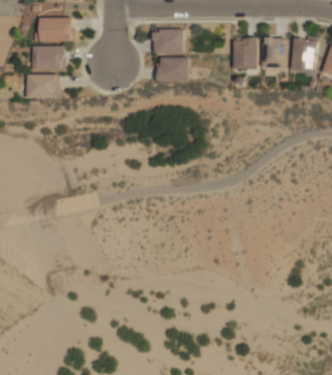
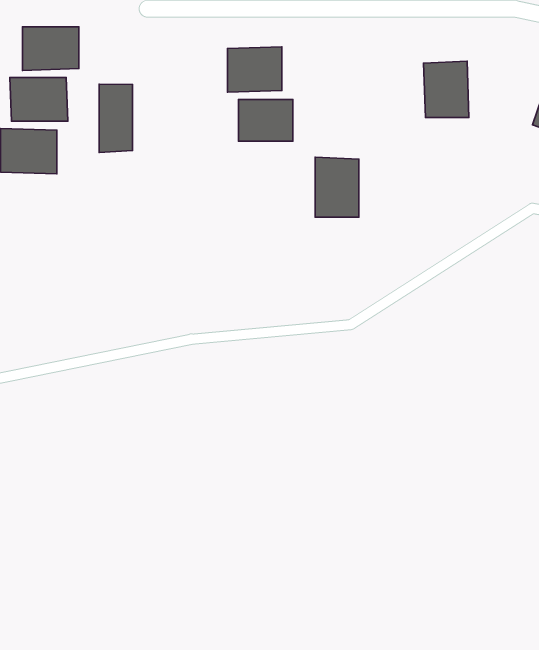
building: [234,36,259,69] -> [315,157,359,217]
building: [293,37,318,70] -> none
building: none -> [99,84,132,152]

